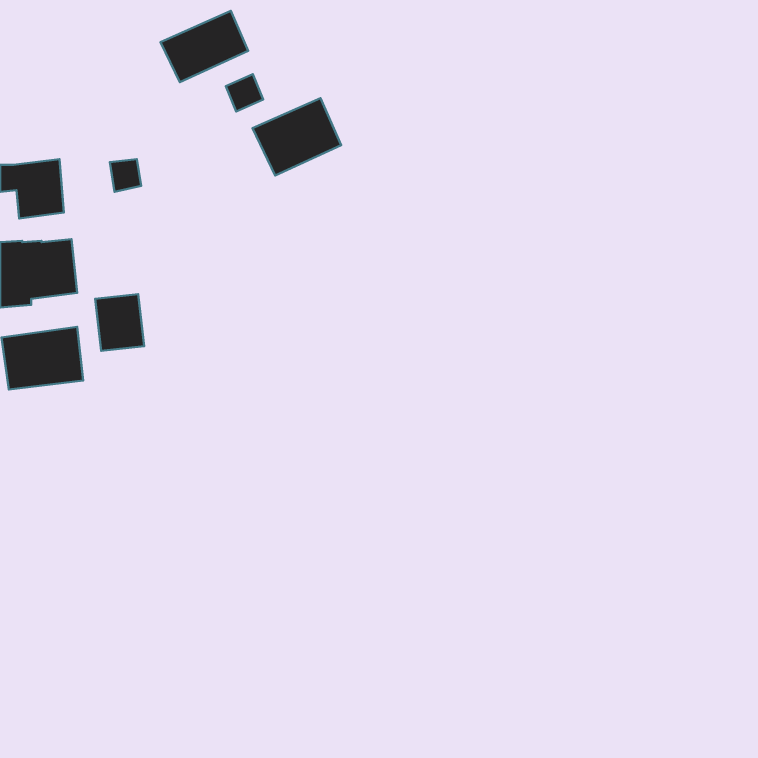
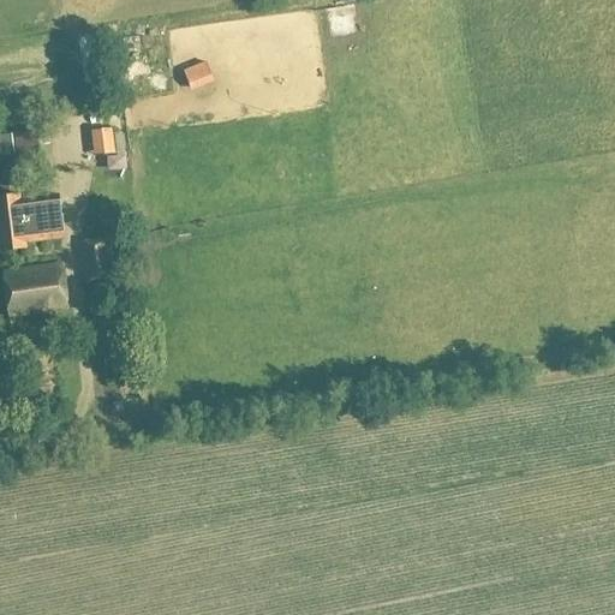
building: [160,11,248,82] -> none
building: [253,98,341,176] -> none

